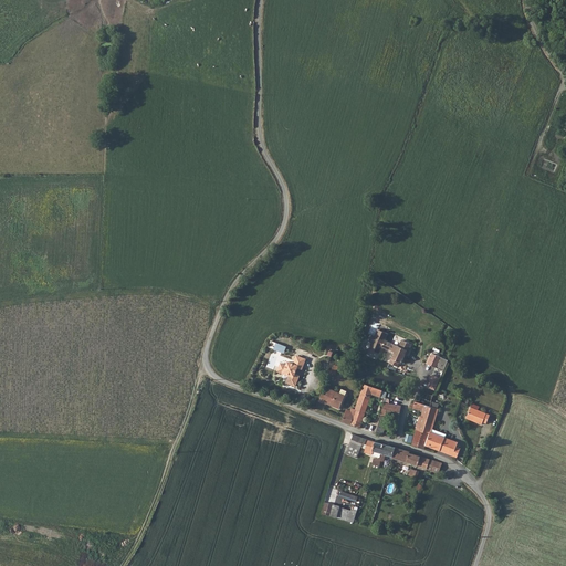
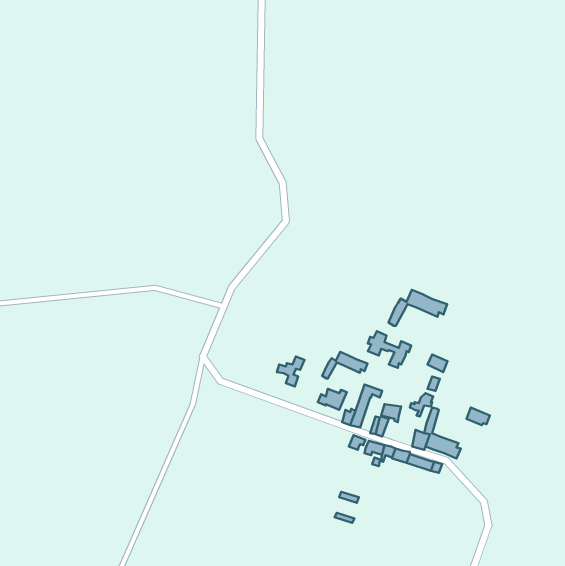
building: none -> [388,290,447,326]
building: none -> [322,352,367,378]

